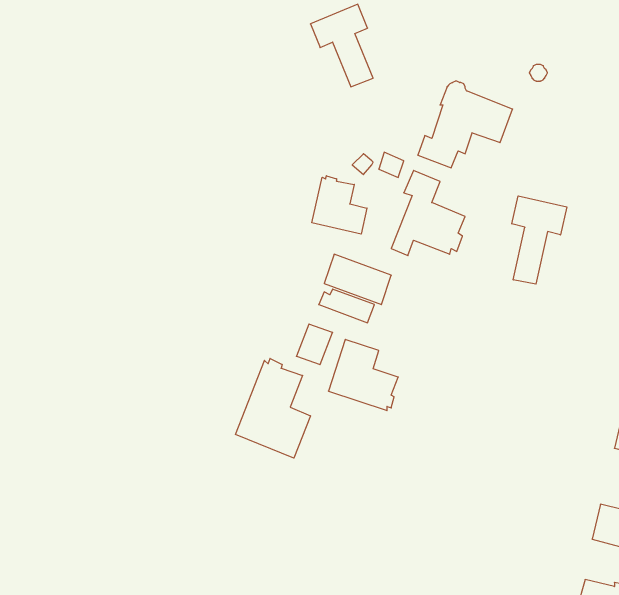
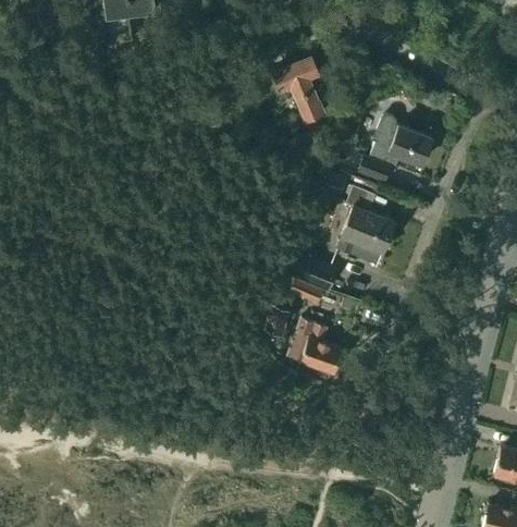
building: [312,176,367,234] -> none
building: [512,196,567,284] -> none
building: [235,358,310,458] -> none

